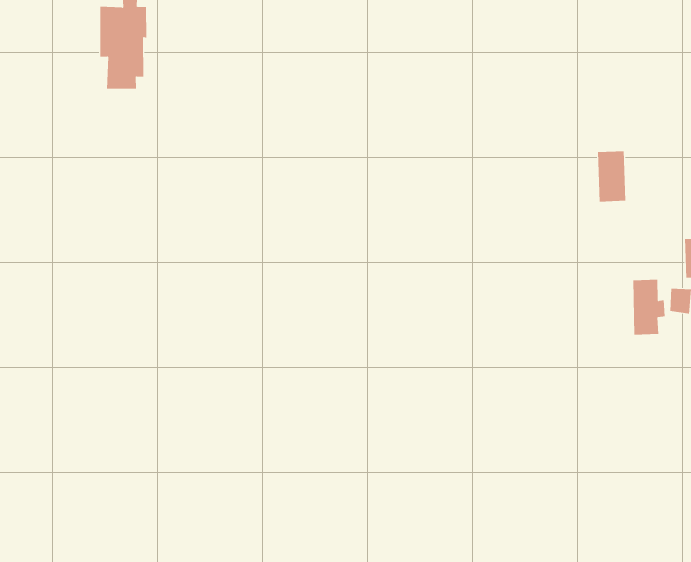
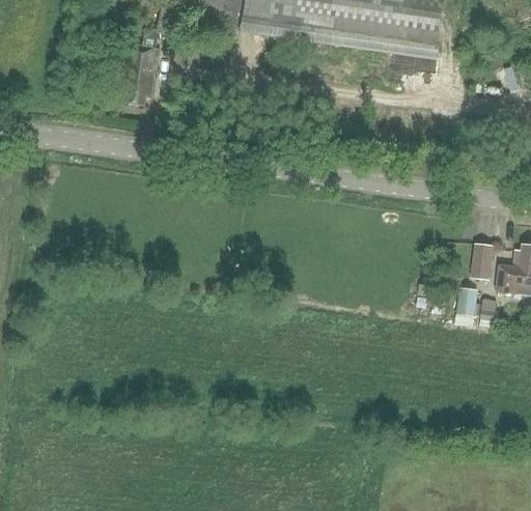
building: [597,151,626,202] -> [471,242,494,278]

